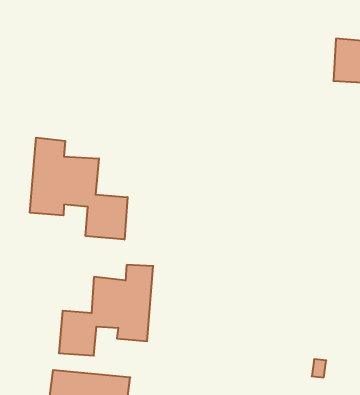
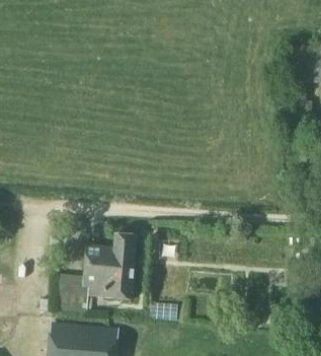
building: [30,138,128,240] -> none

